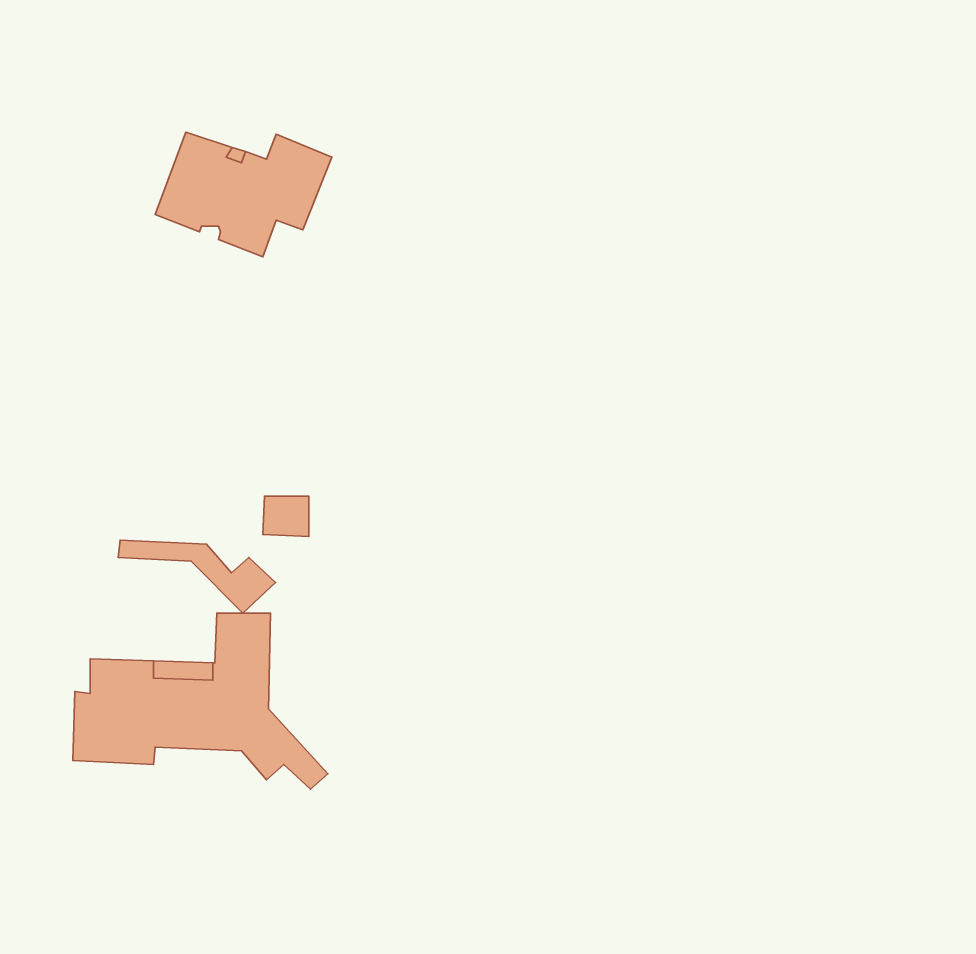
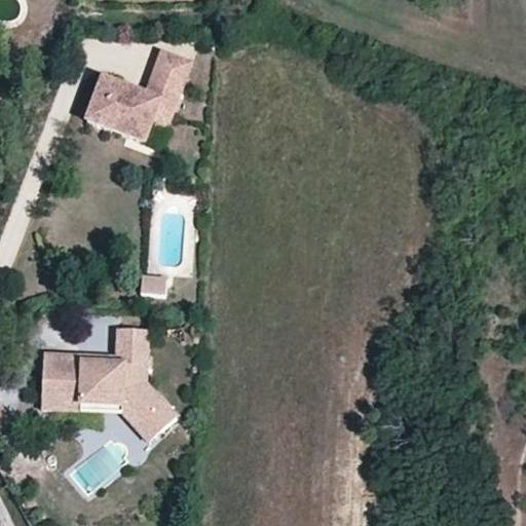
building: none -> [150,43,190,84]
building: [118,540,276,613] -> [84,401,168,440]

